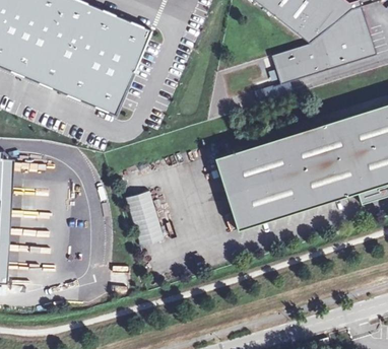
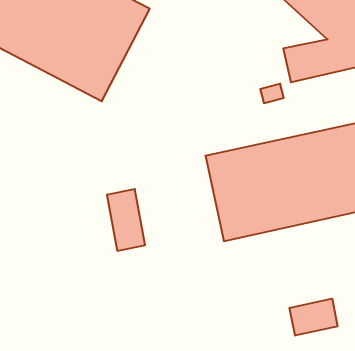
building: none -> [290,299,338,336]

